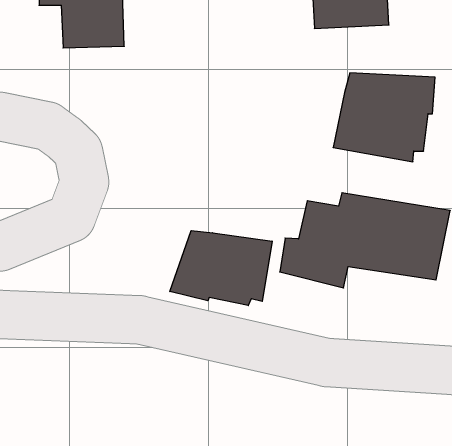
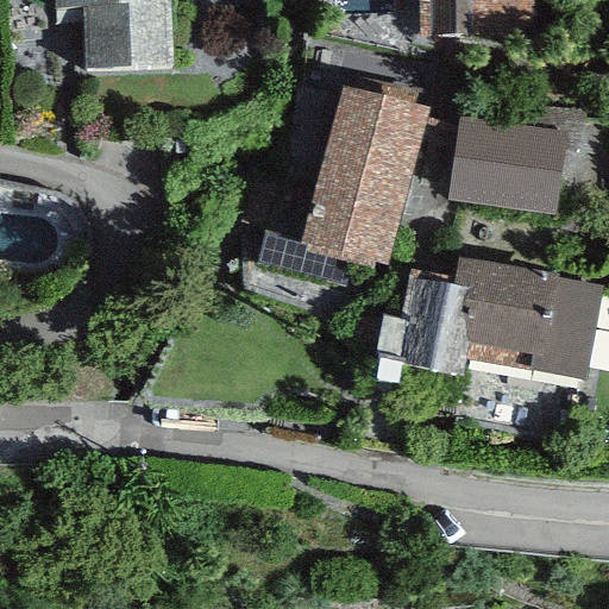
building: none -> [250,90,428,275]
building: [170,231,272,306] -> none

